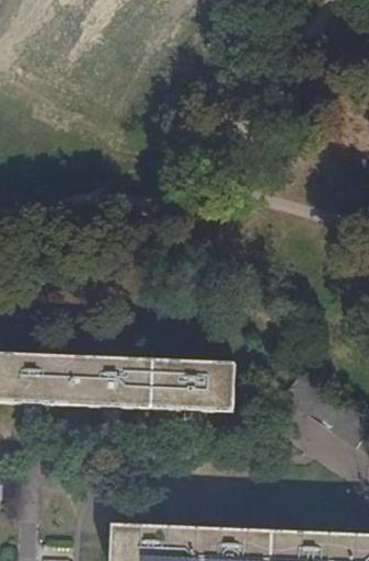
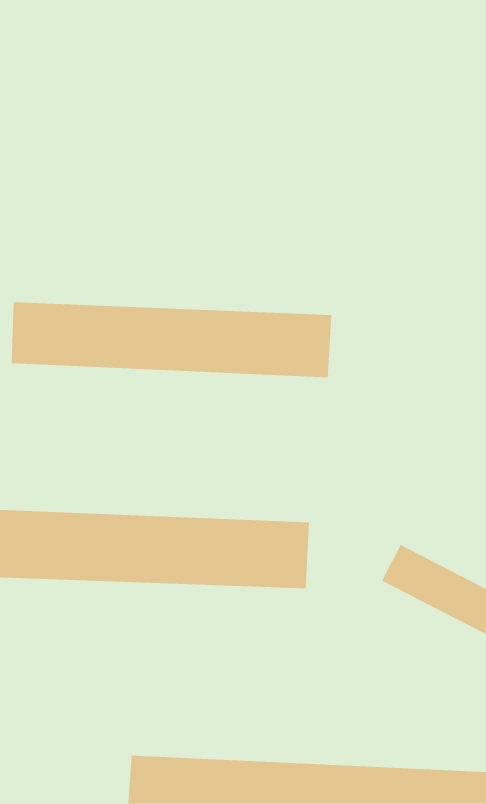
building: none -> [11,301,332,378]

